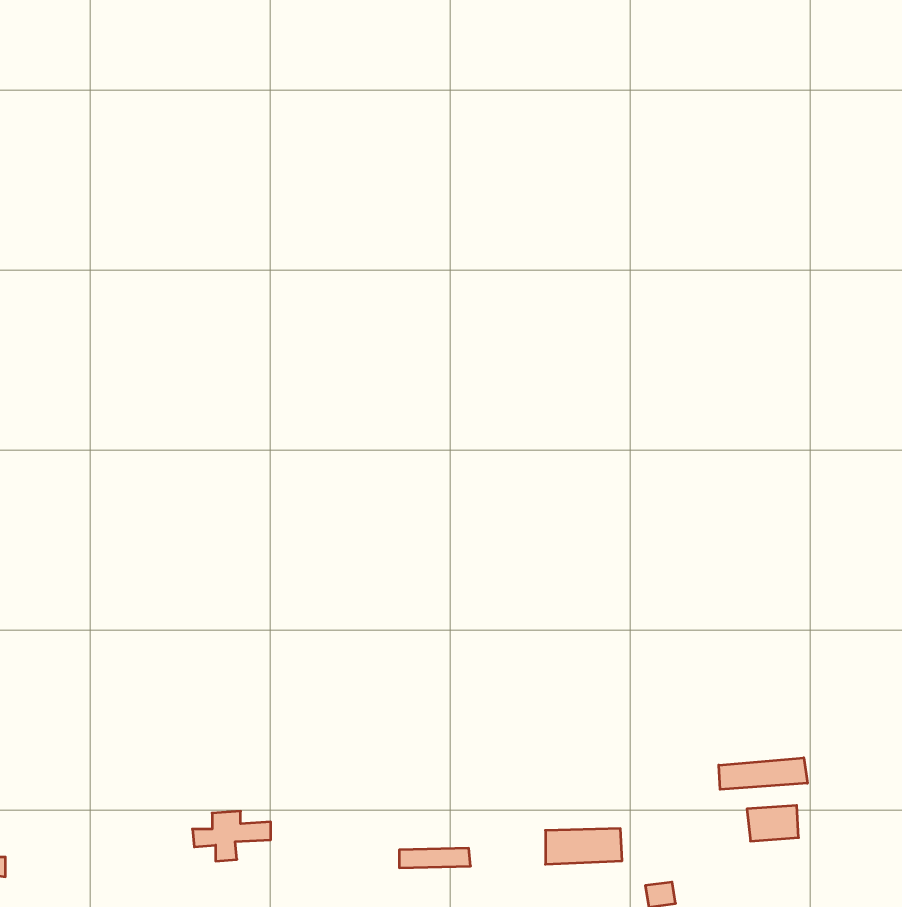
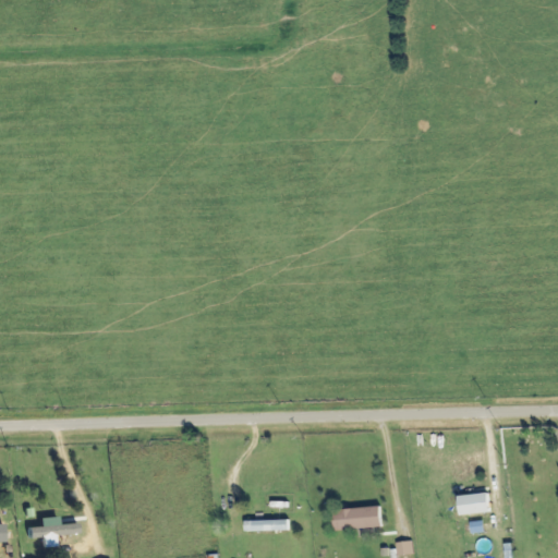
building: [719,758,807,789] -> none
building: [192,811,271,861] -> [25,515,73,546]

